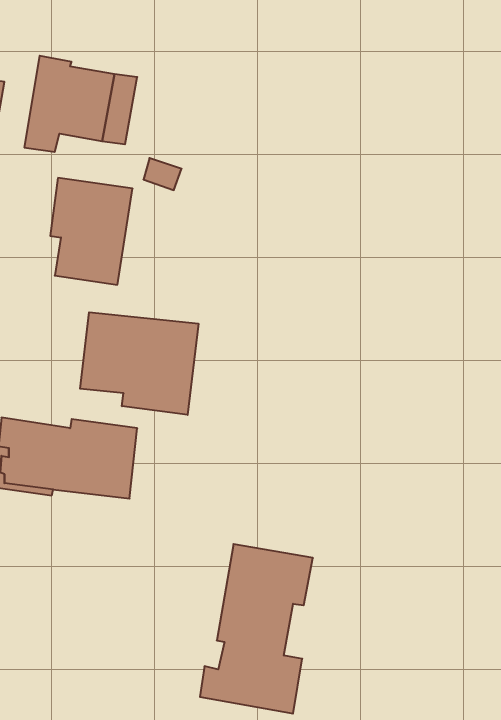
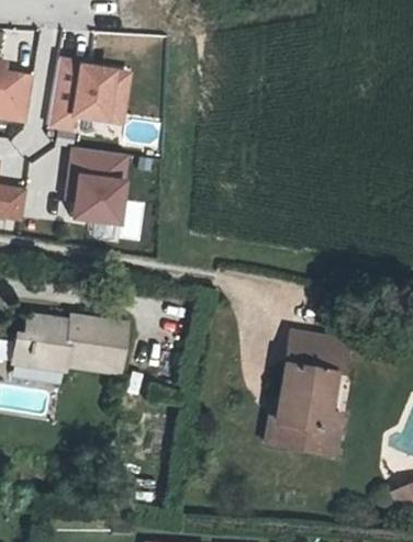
building: [80,312,198,415] -> none
building: [200,544,313,714] -> [271,330,353,452]

